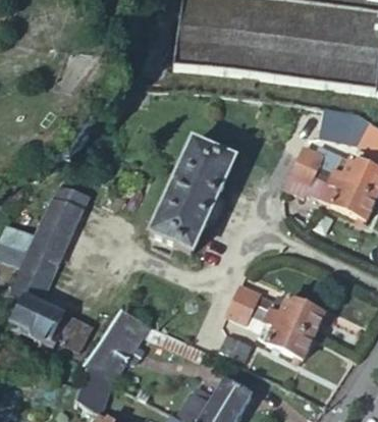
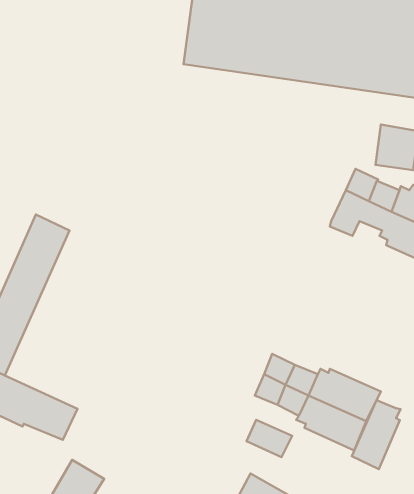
building: [150,136,234,250] -> none
building: [89,309,153,377] -> none
building: none -> [352,400,400,469]

